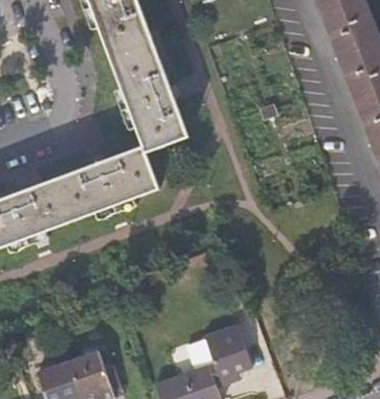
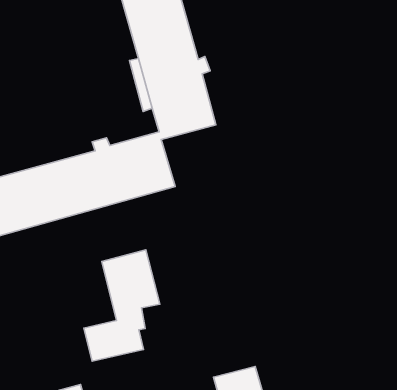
building: none -> [84,250,160,361]

